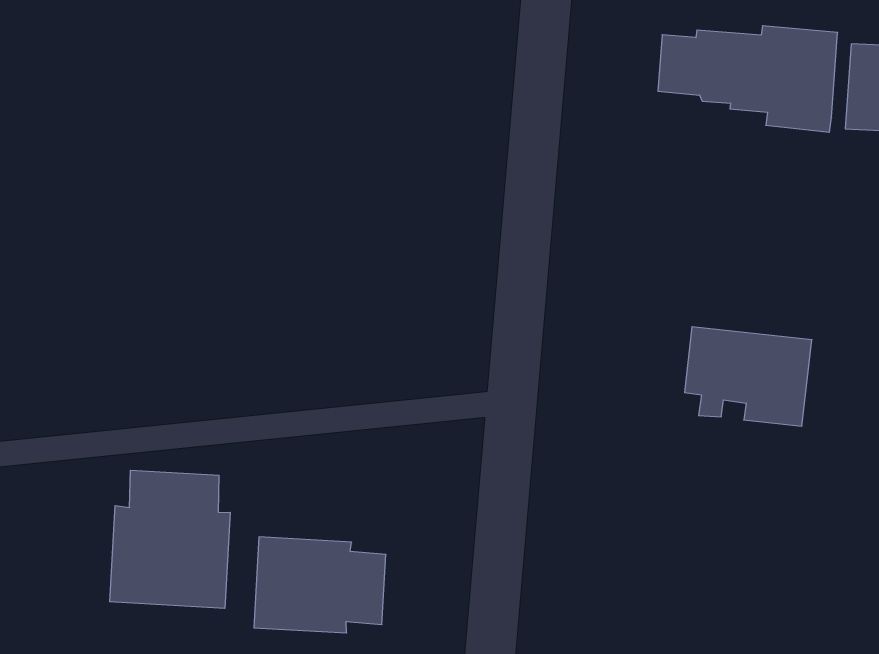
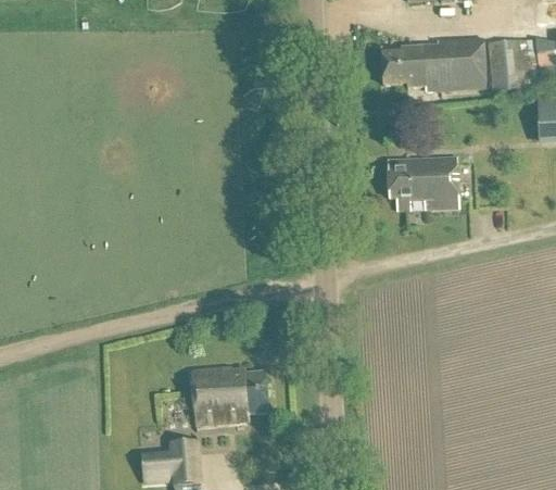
building: [685,327,812,426] -> [386,156,456,209]
building: [110,470,230,608] -> none

